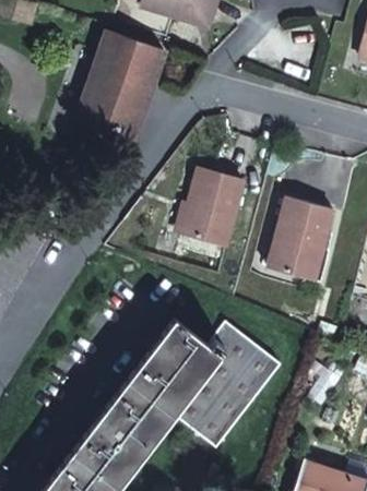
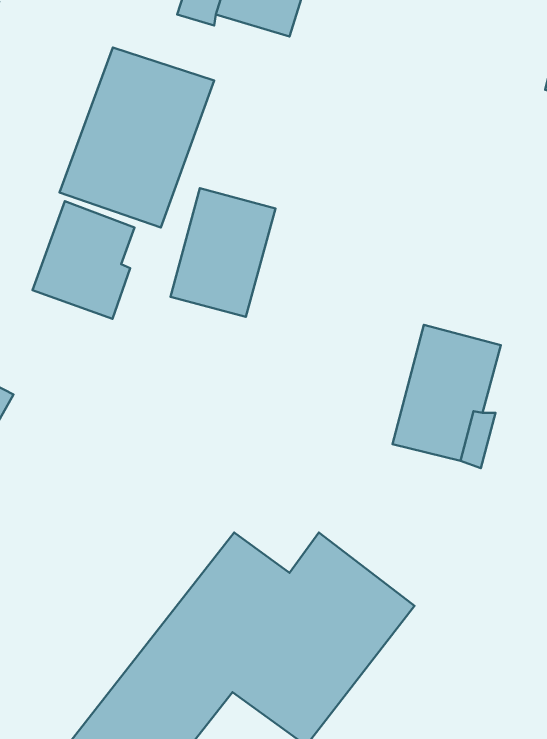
building: none -> [33,201,135,319]
building: [182,167,245,243] -> [171,188,275,317]

